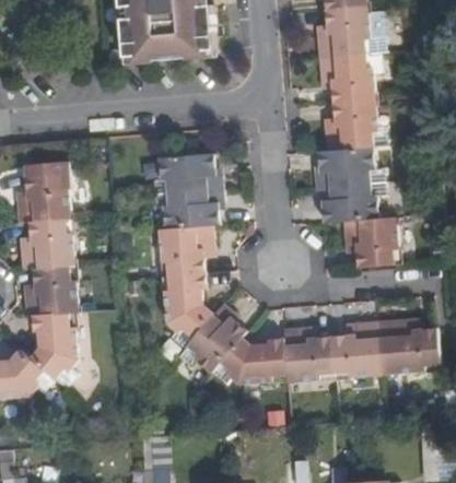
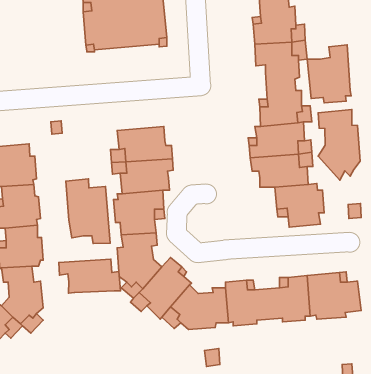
building: none -> [307,45,351,103]
building: none -> [318,110,360,180]
building: none -> [66,179,110,243]
building: none -> [59,259,121,293]

